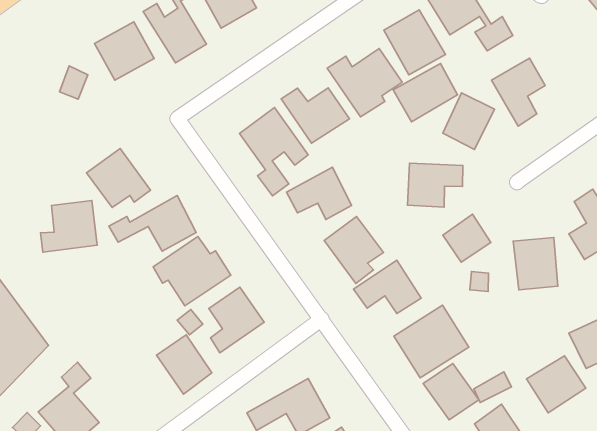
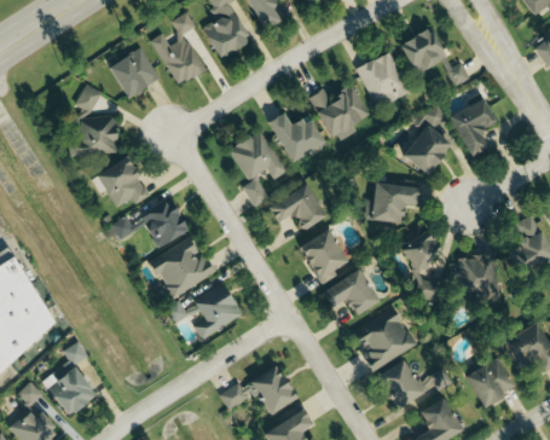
building: [393,64,458,122] -> none
building: [40,201,97,252] -> [70,116,118,158]
building: [156,335,212,394] -> none

